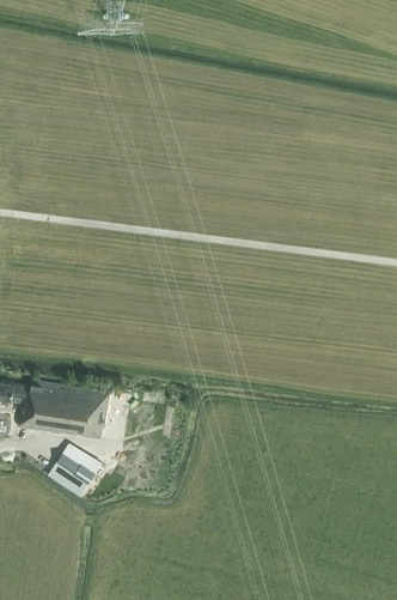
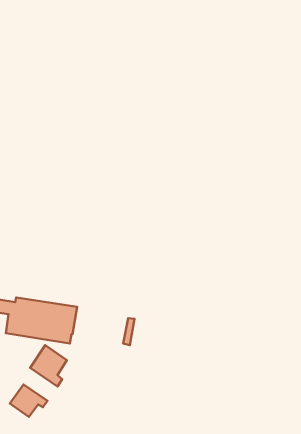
building: none -> [10,384,47,417]

